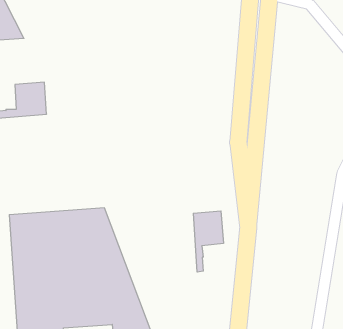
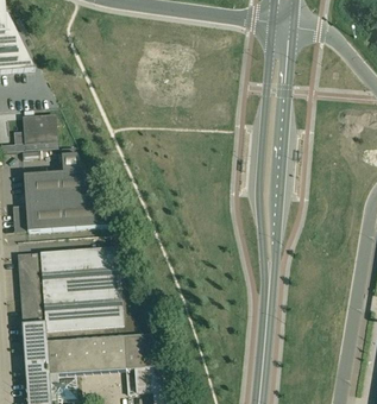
building: none -> [13,146,109,231]
building: [193,211,223,272] -> none

